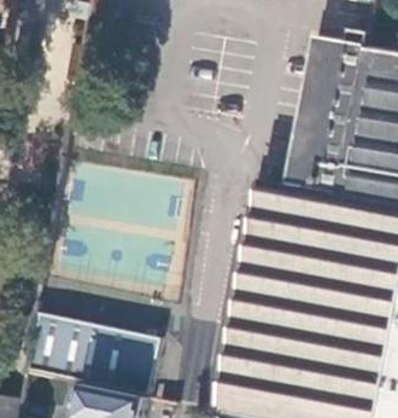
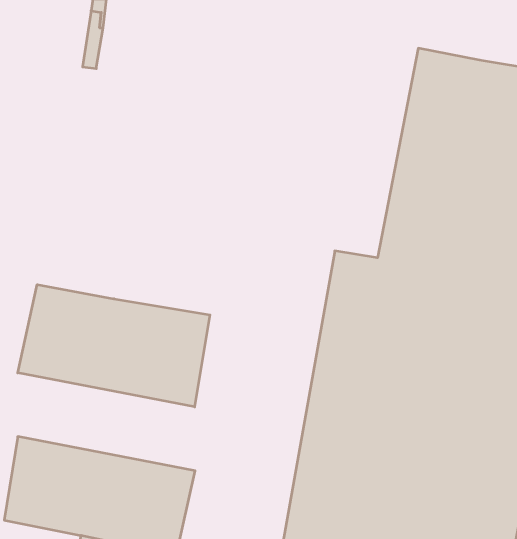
building: none -> [18,285,210,407]

